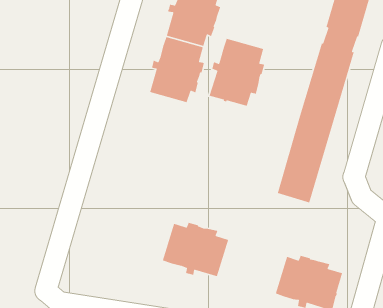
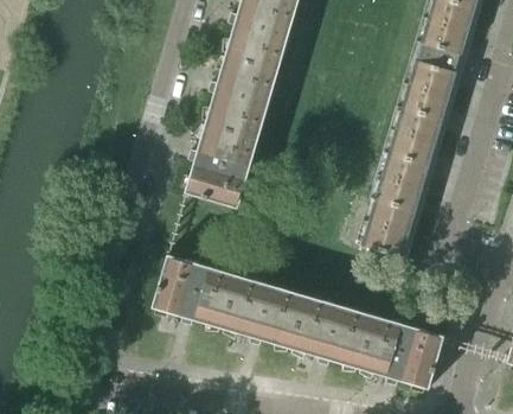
building: [209,38,265,107] -> [186,120,255,204]
building: none -> [153,257,237,325]
building: none -> [290,298,374,365]

